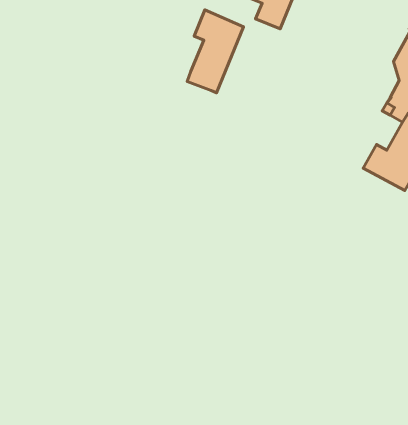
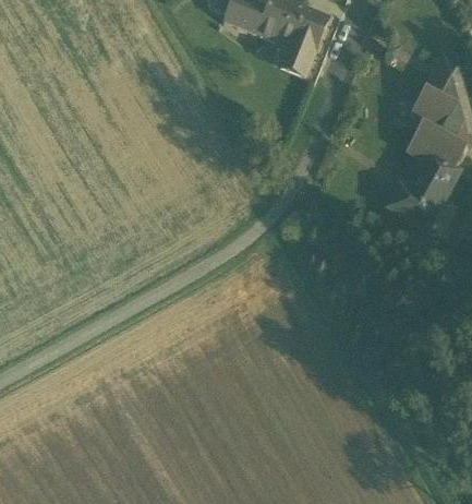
building: [187,10,244,93] -> none

